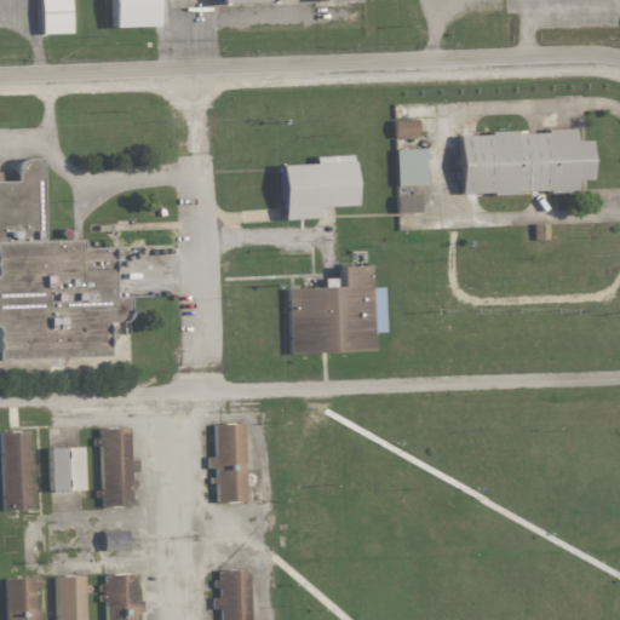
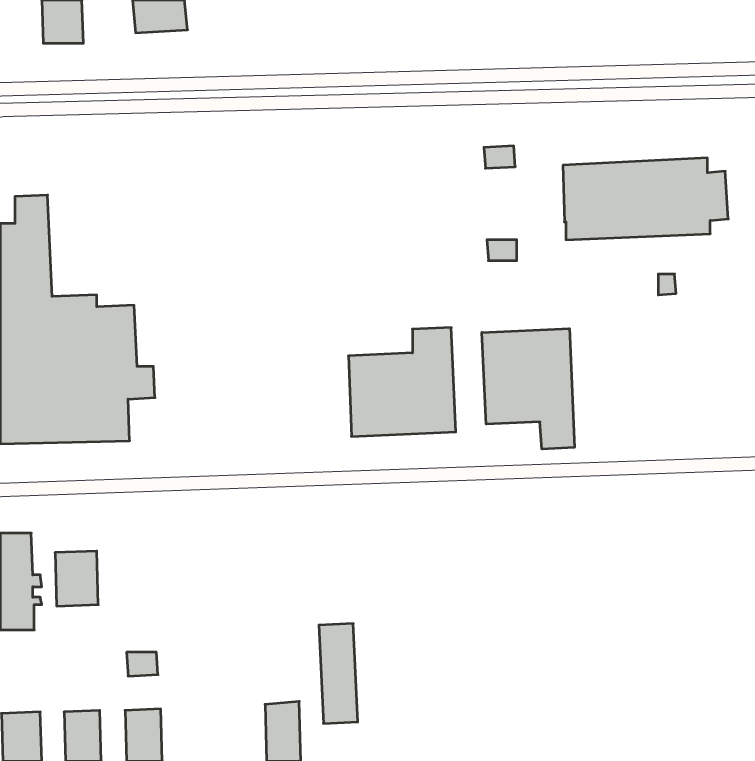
building: [400,148,431,184] -> none
building: [281,162,355,222] -> none
building: none -> [482,329,574,449]
building: [214,425,246,506] -> [319,624,358,723]
building: [96,429,140,507] -> none

